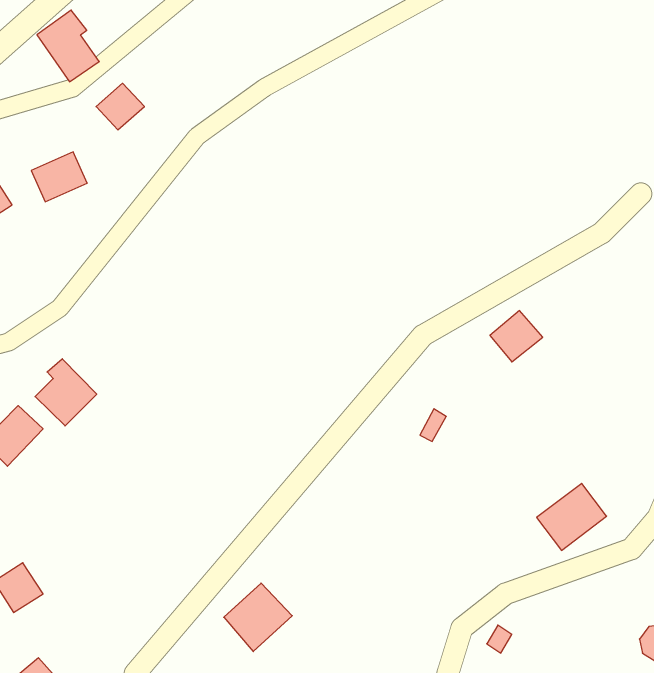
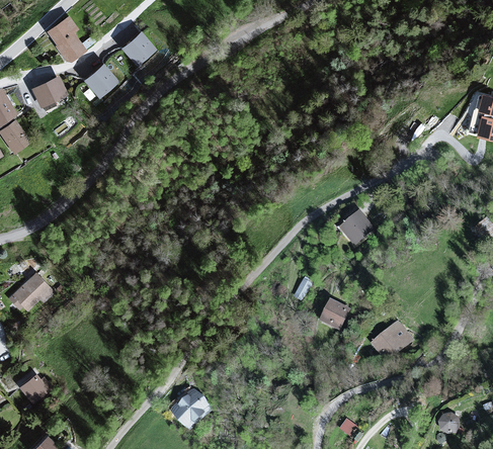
building: none -> [121,30,154,63]
building: [31,152,87,202] -> [29,75,66,107]
building: [35,359,97,426] -> none
building: none -> [320,300,350,331]

